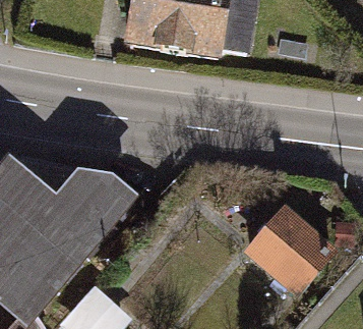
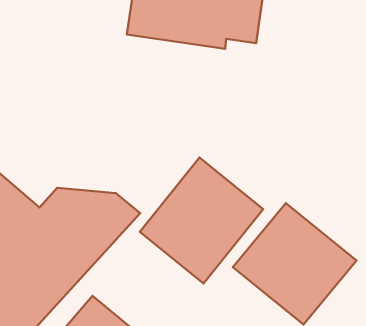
building: none -> [140,157,263,284]

